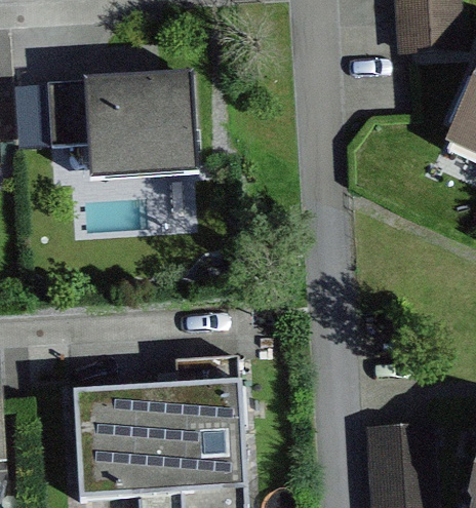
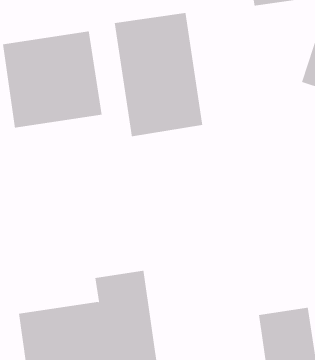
building: none -> [114,12,203,137]

